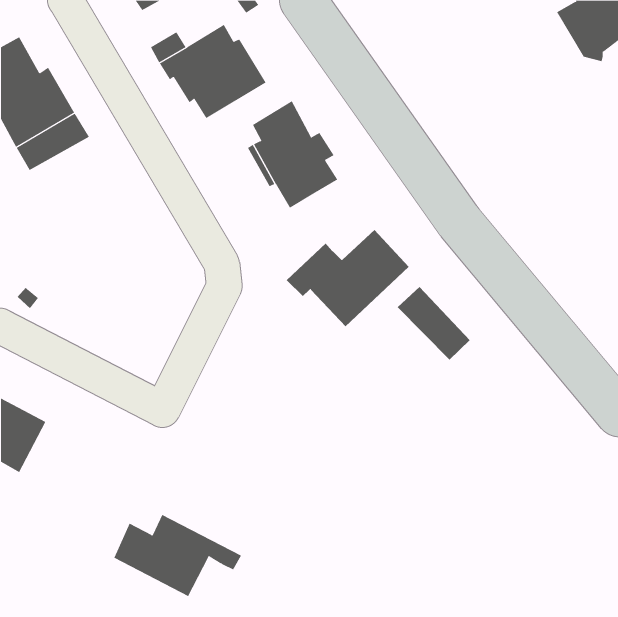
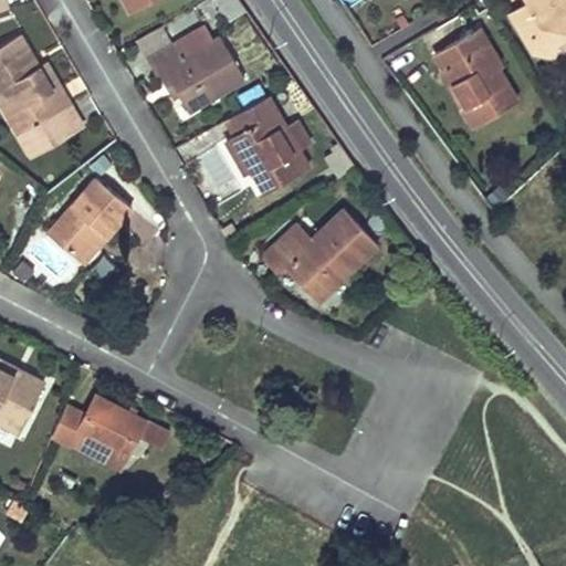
building: none -> [436,28,516,126]
building: none -> [48,179,129,263]
building: [397,286,471,360] -> none
building: [113,514,242,597] -> [51,397,168,472]

